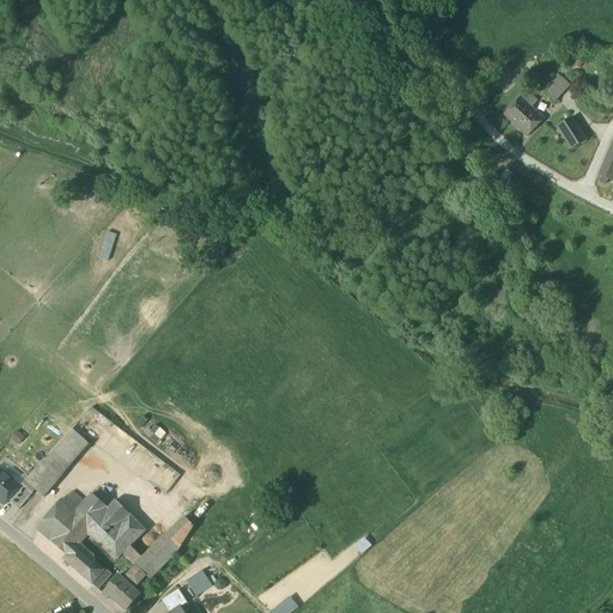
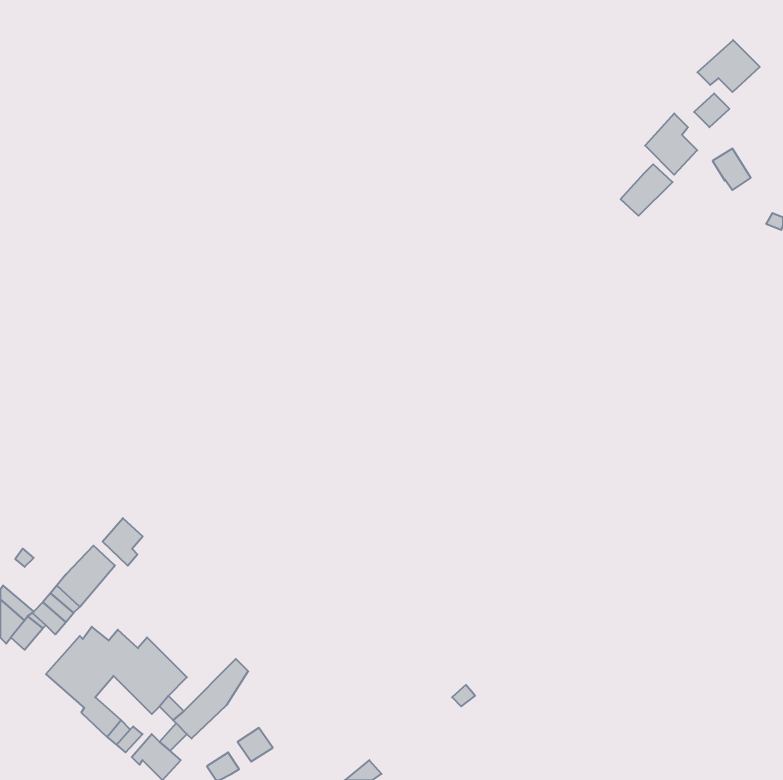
building: none -> [697,40,760,92]
building: none -> [621,164,673,216]
building: none -> [103,518,143,566]

